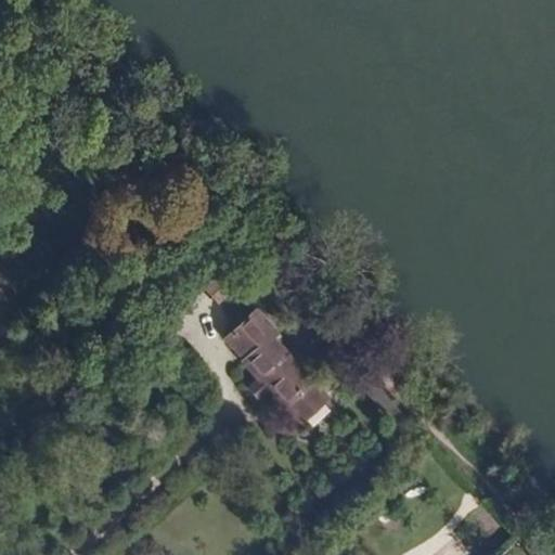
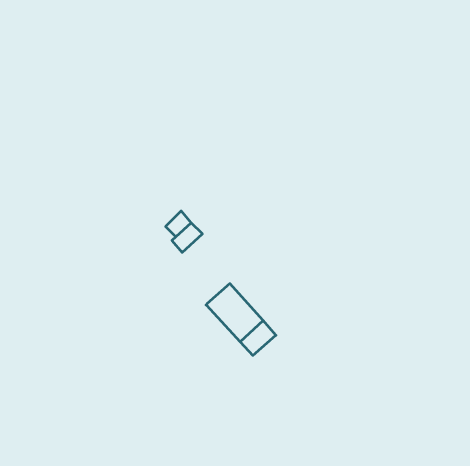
building: [225,317,273,363] -> none

